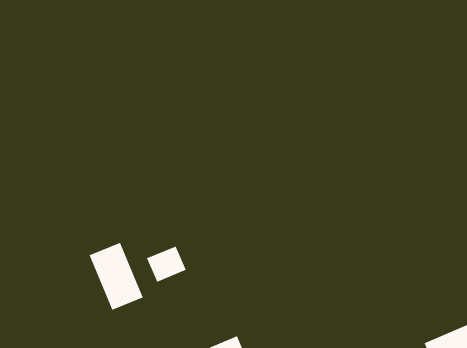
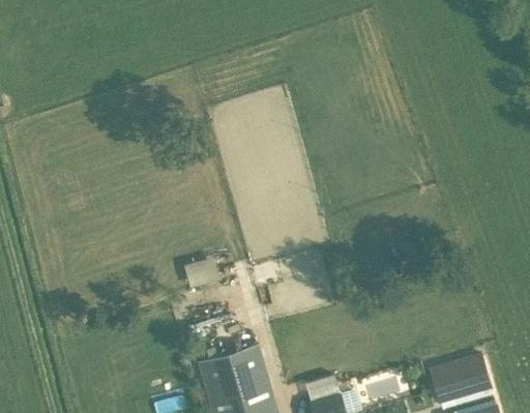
building: [89,242,144,311] -> none

